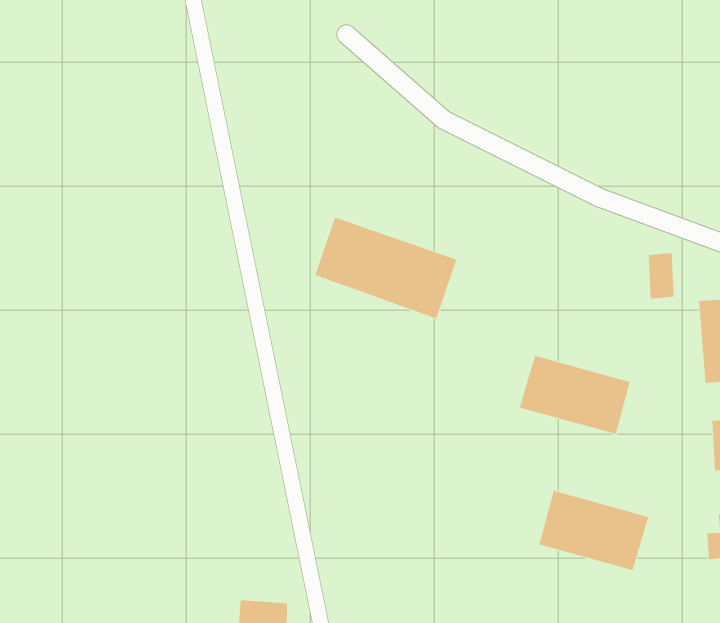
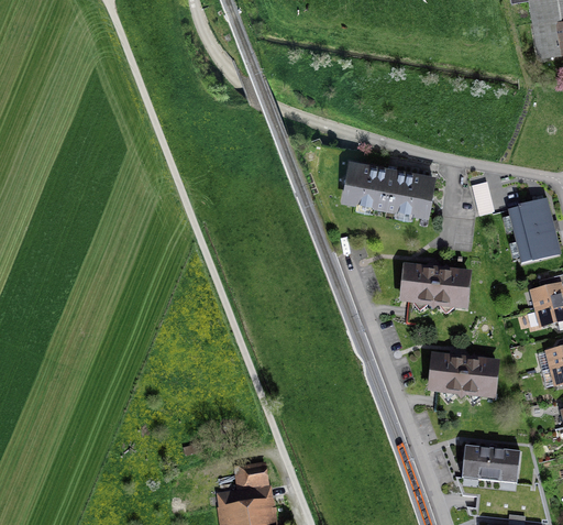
building: [315,217,457,319] -> [341,158,435,216]

